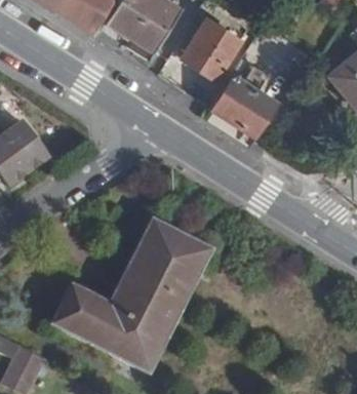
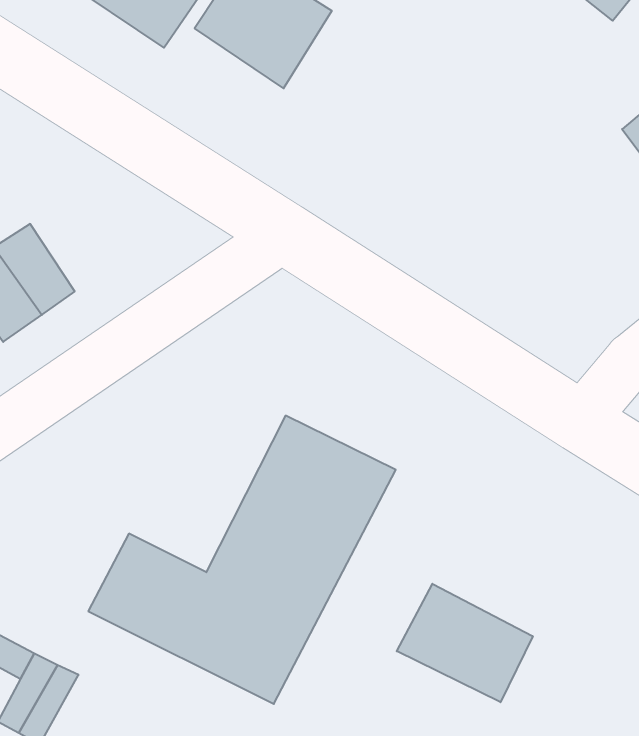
building: [182,13,242,78] -> none
building: [211,71,278,136] -> none
building: none -> [397,584,533,702]

